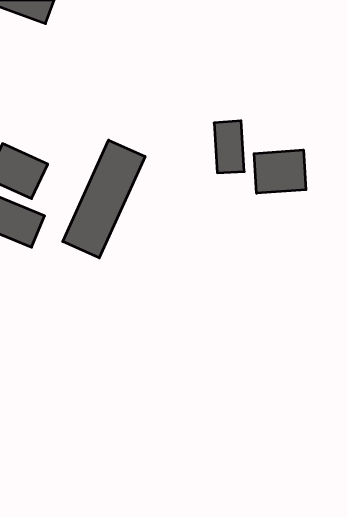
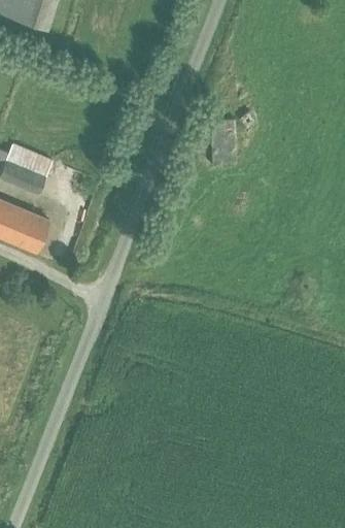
building: [63,140,145,258] -> none
building: [254,150,306,193] -> none

